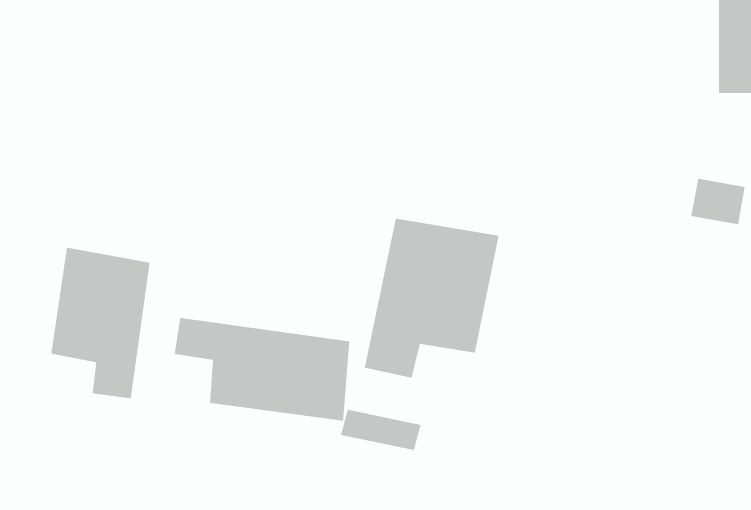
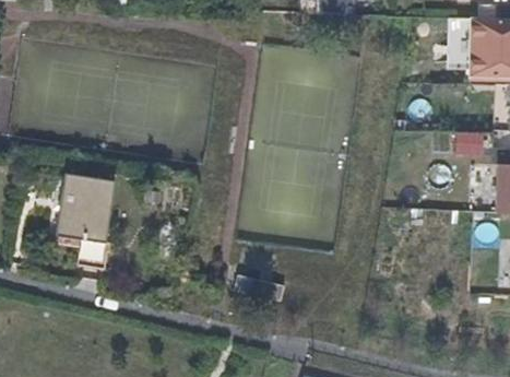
building: [364,218,499,378] -> none
building: [174,317,350,421] -> none

